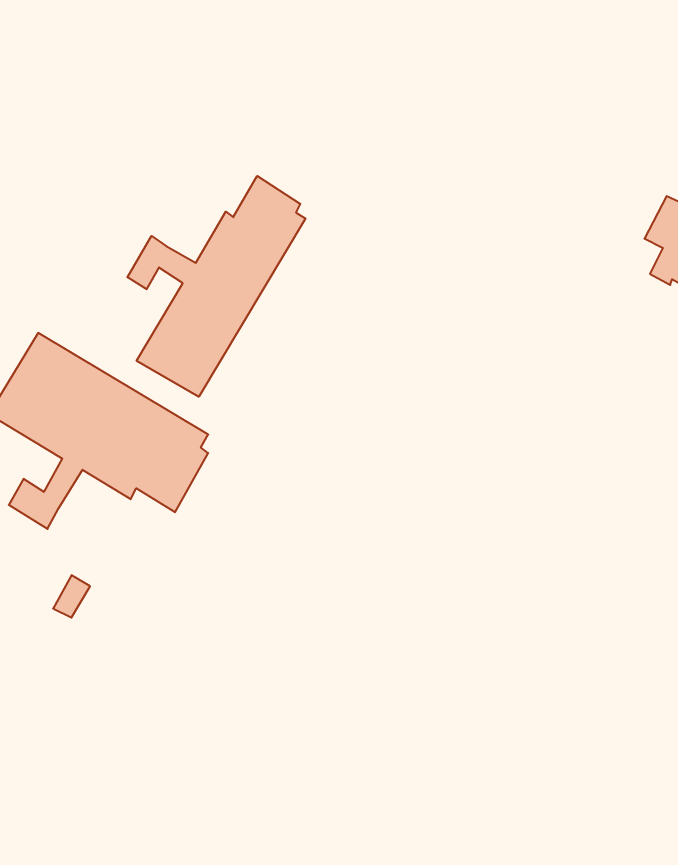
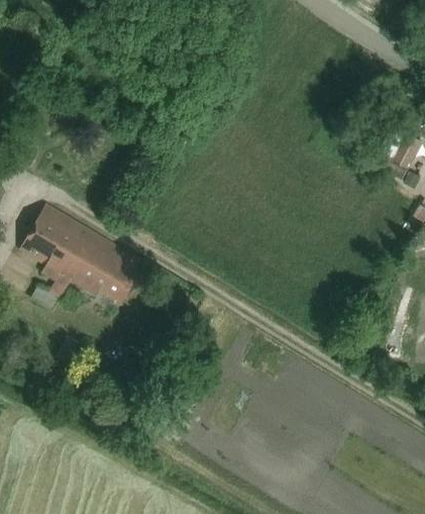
building: [127,176,305,397] -> none

